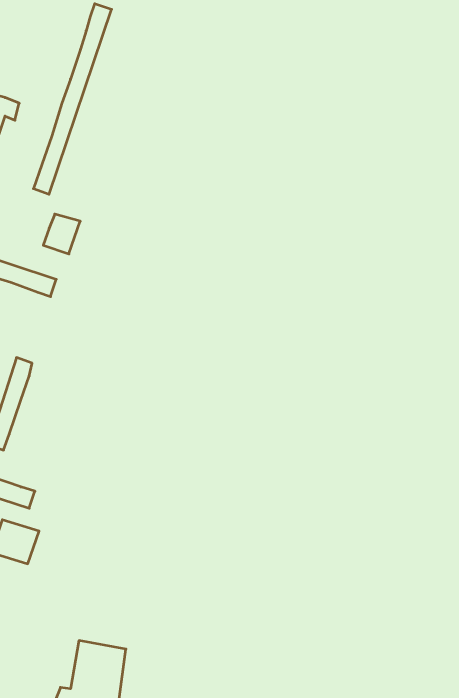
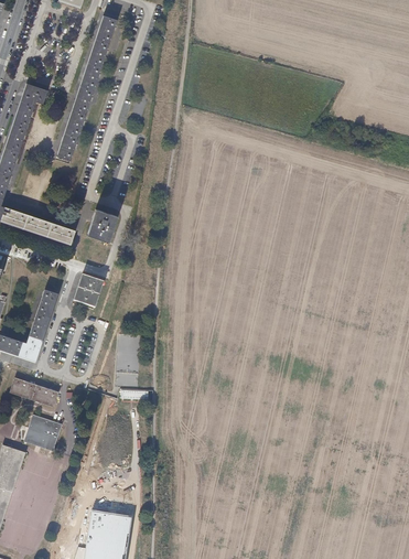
building: [43,214,80,254] -> [88,209,117,240]
building: none -> [75,275,103,307]

